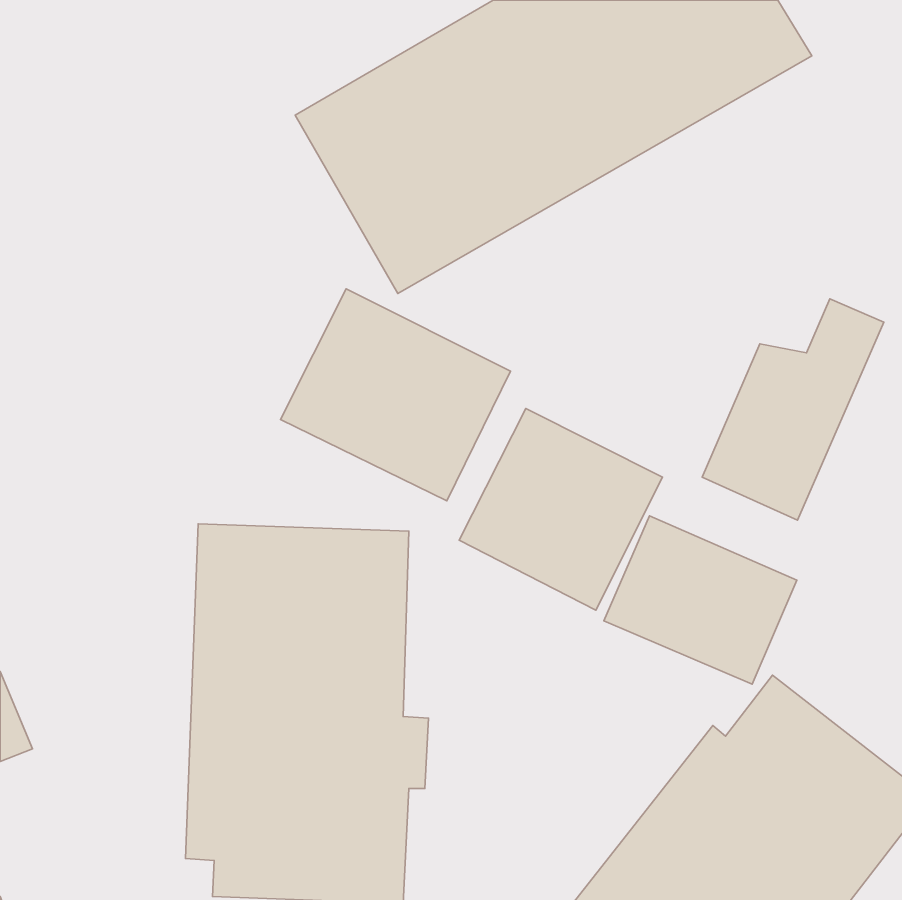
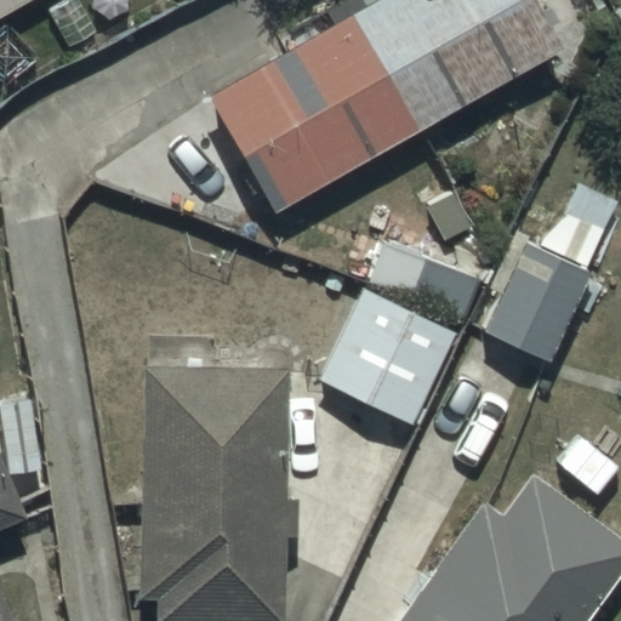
building: [281,289,510,501] -> none
building: [604,516,797,684] -> none

